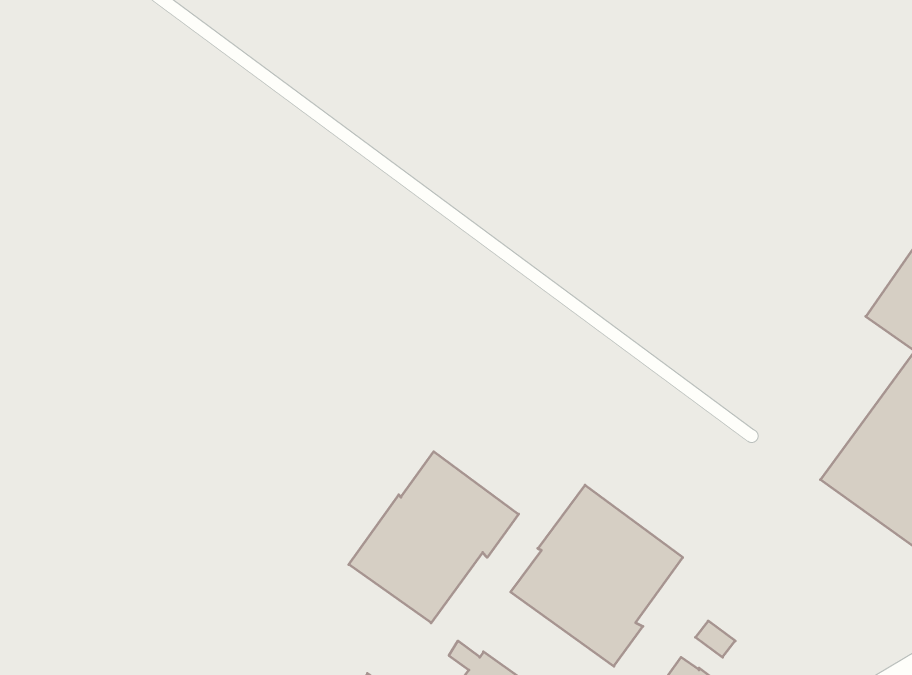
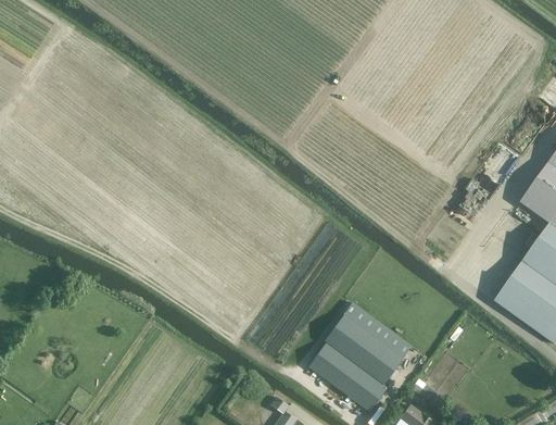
building: [349,452,519,623] -> none

